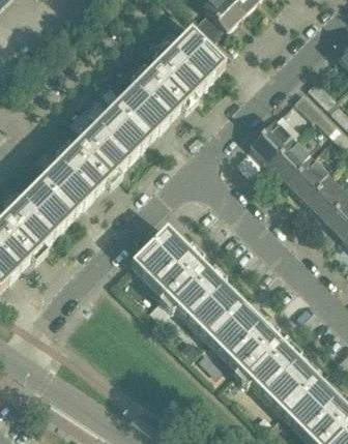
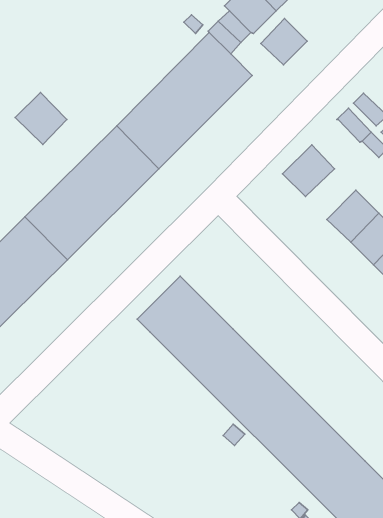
building: none -> [261,19,307,65]
building: none -> [15,93,67,145]
building: [267,140,309,181] -> none

